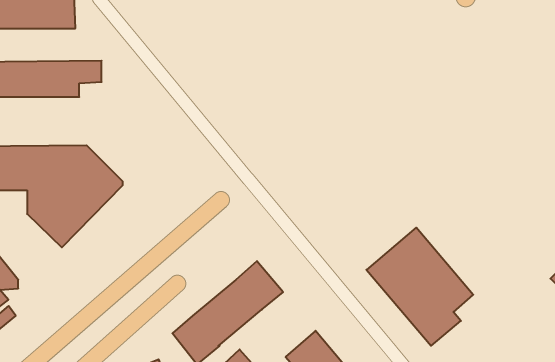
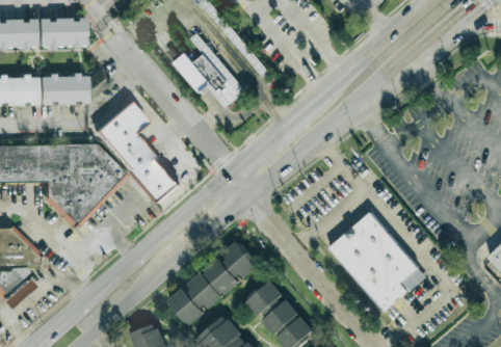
building: none -> [173,36,244,108]
building: none -> [96,101,179,204]
building: none -> [245,279,285,319]

